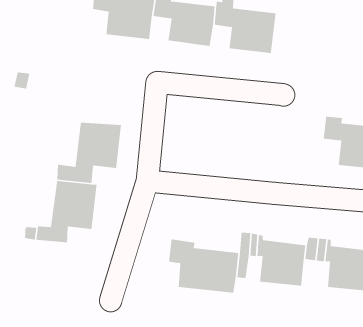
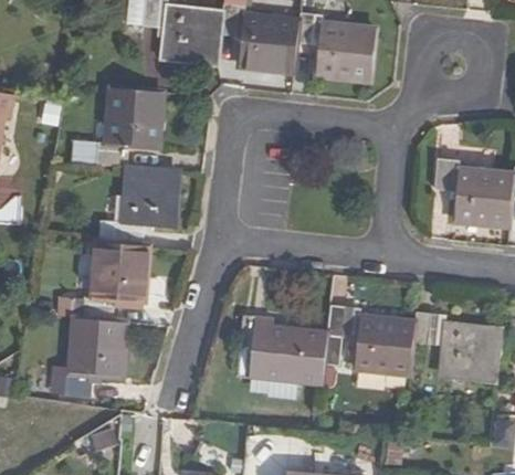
building: none -> [71,87,162,167]
building: none -> [50,317,126,398]

